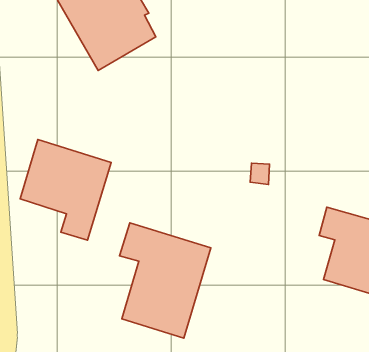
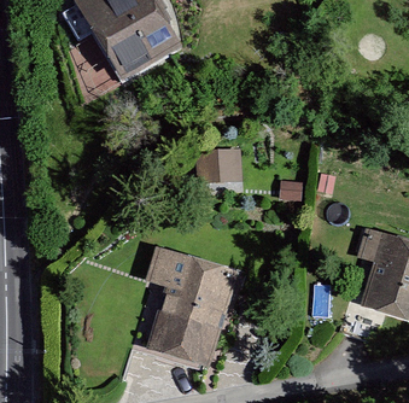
building: none -> [195,148,241,185]
building: [20,140,111,240] -> none

